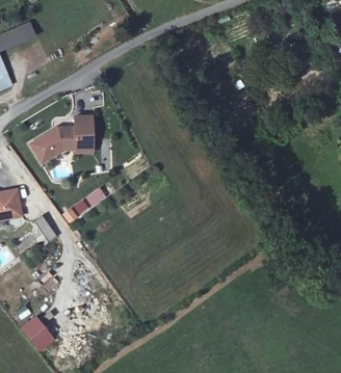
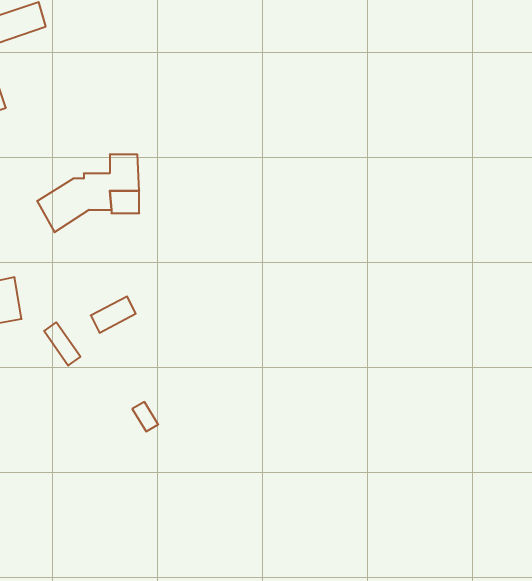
building: [20,315,55,353] -> none

